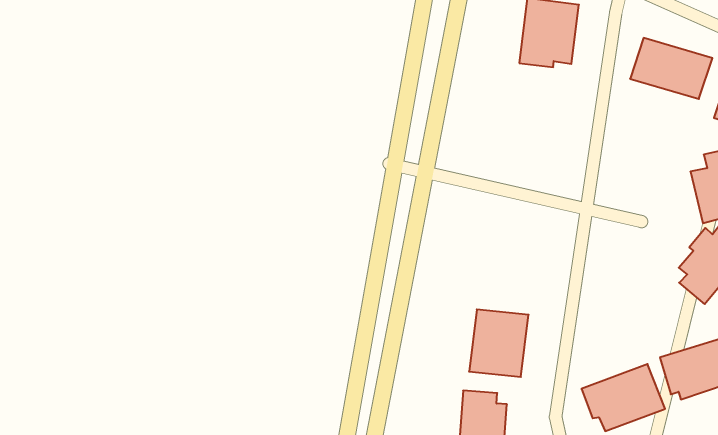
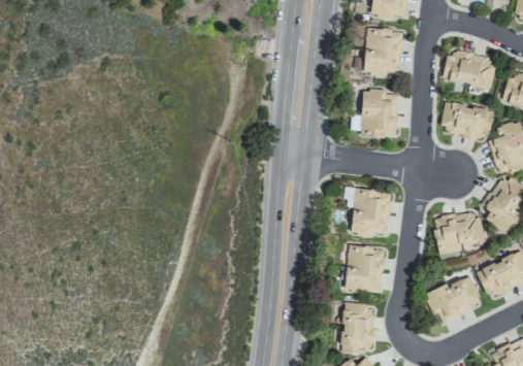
building: none -> [361,89,398,137]
building: none -> [439,101,494,138]
building: none -> [350,188,392,236]
building: none -> [433,210,483,254]

